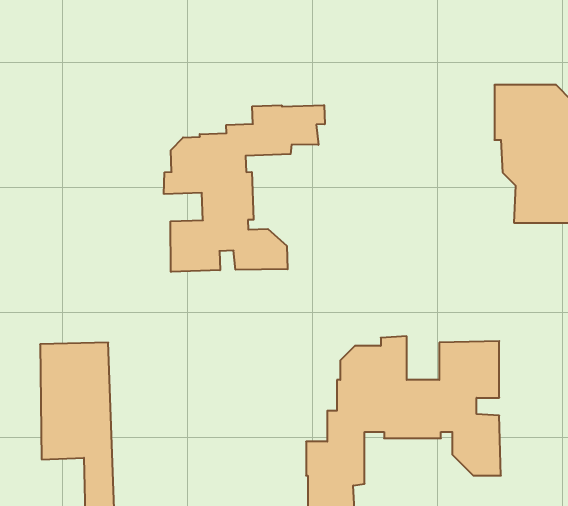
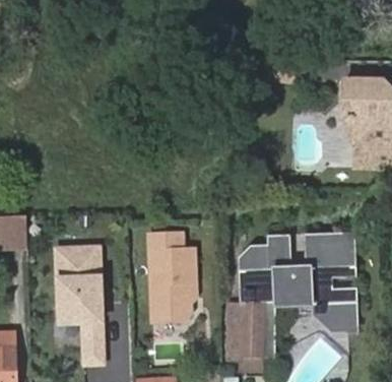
building: [164,105,325,272] -> none
building: none -> [152,231,197,319]

